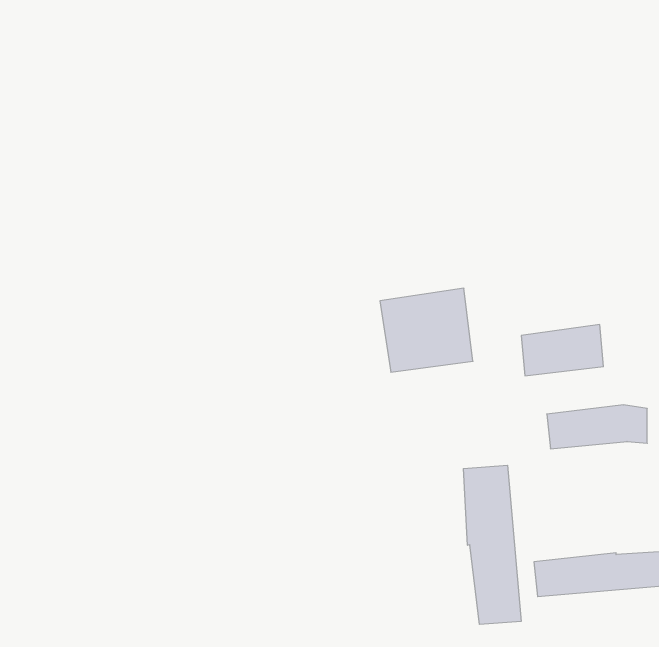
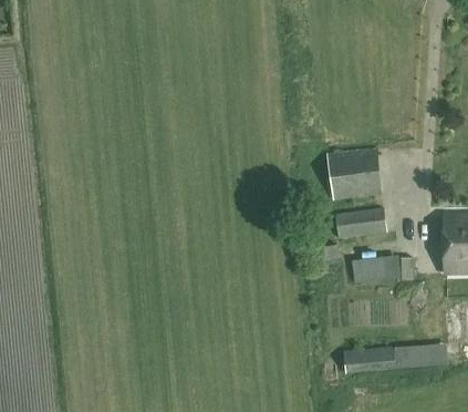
building: [380,288,473,372] -> [326,148,383,199]
building: [463,465,521,624] -> none

